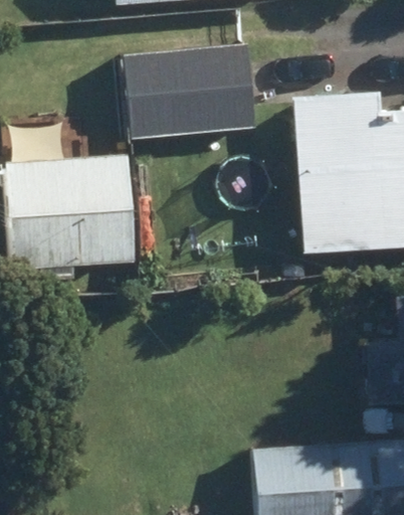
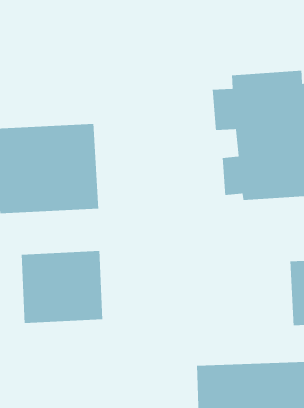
building: [125,44,256,138] -> none
building: none -> [21,250,103,324]

